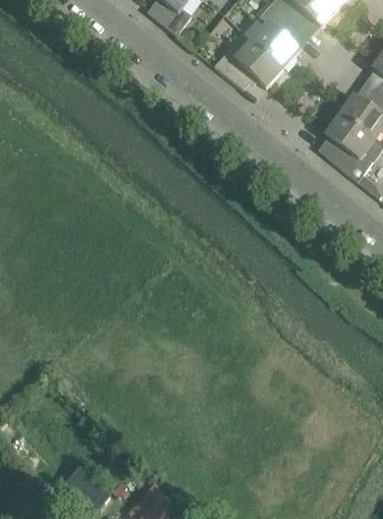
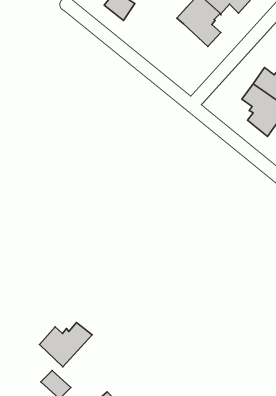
building: [213,38,281,85] -> none
building: none -> [39,323,92,367]

